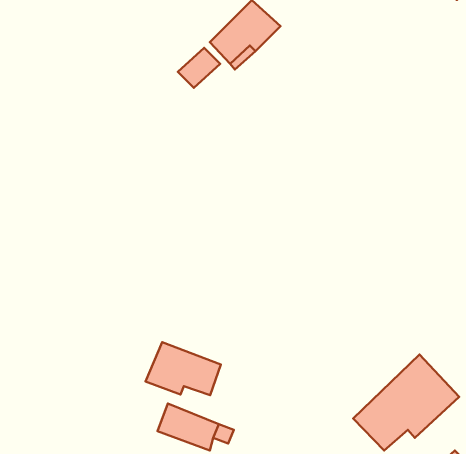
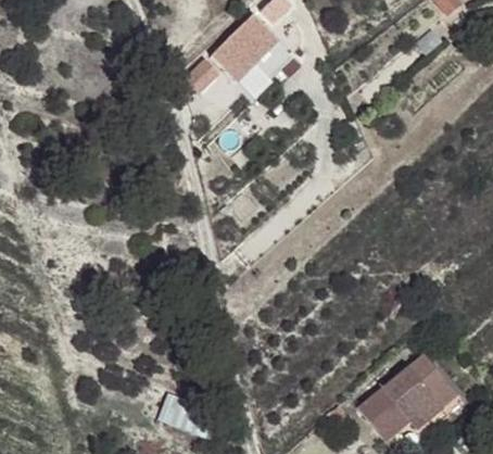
building: [146,342,221,395] -> none

